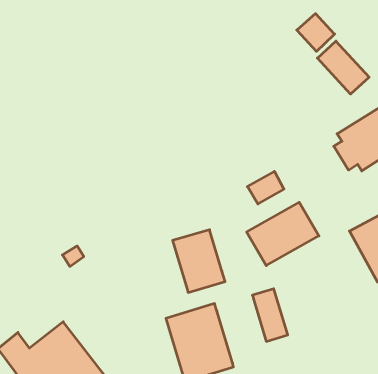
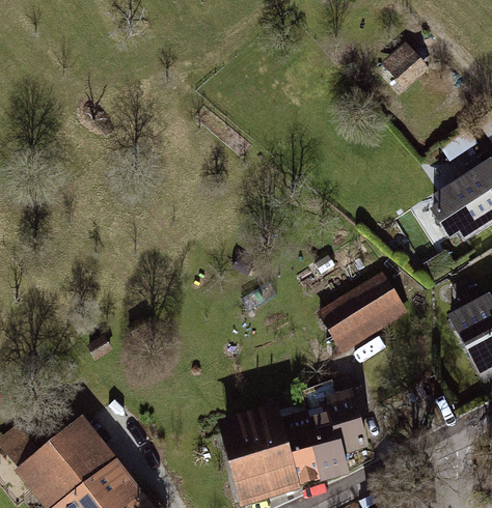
building: [317,41,369,94] -> none
building: [247,171,284,204] -> none
building: [173,230,225,292] -> [282,399,349,478]

